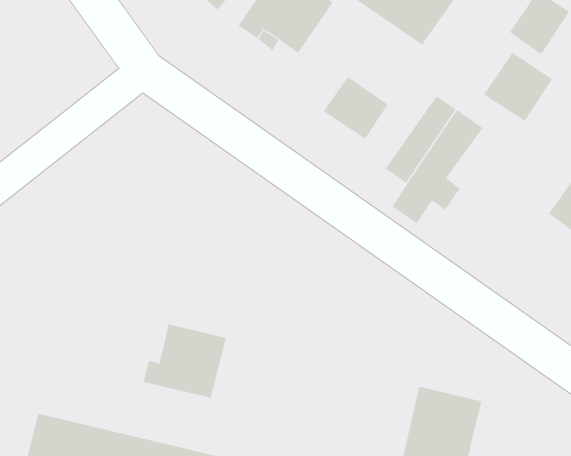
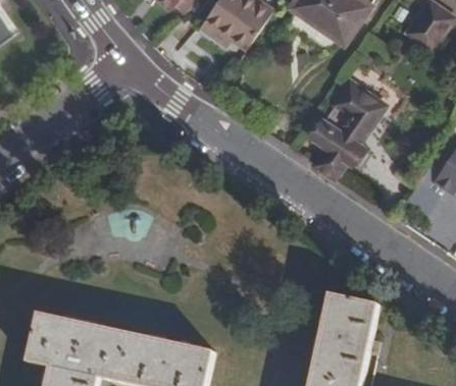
building: [483,52,553,121] -> none
building: [323,76,389,139] -> none
building: [143,324,226,399] -> none

